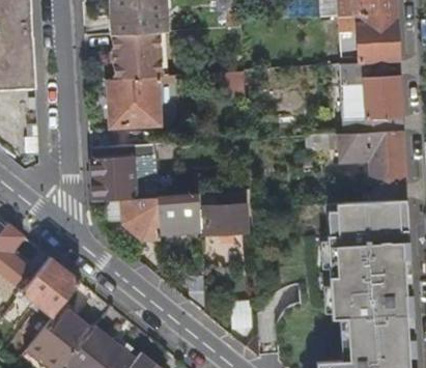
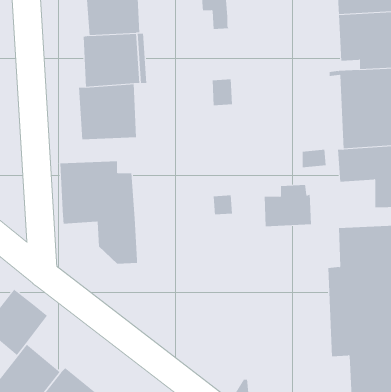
building: [159,194,199,233] -> none
building: [205,196,248,233] -> [264,185,312,227]

